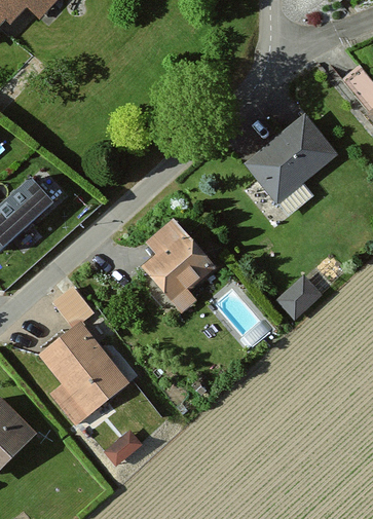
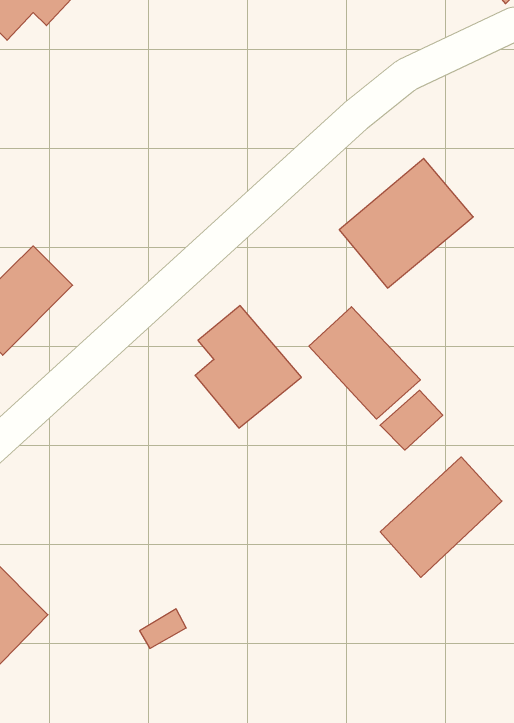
building: none -> [309,307,420,419]
building: [37,284,129,428] -> none
building: none -> [380,457,502,577]

